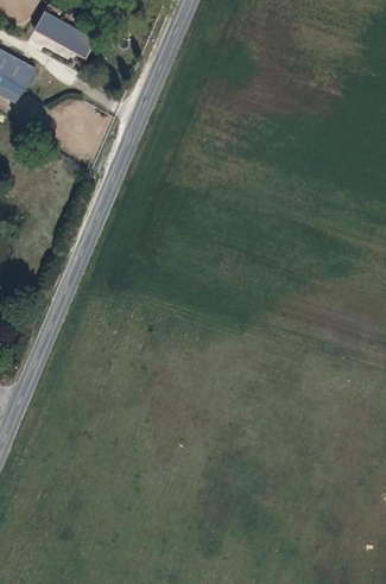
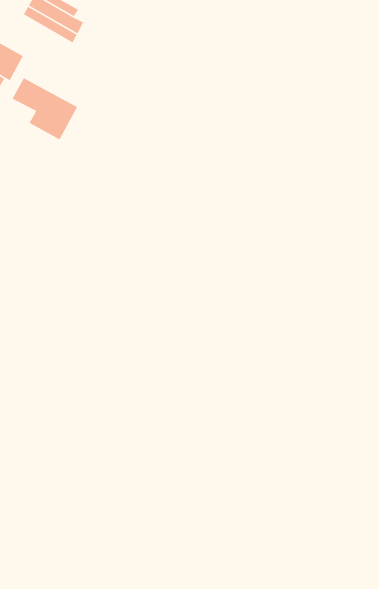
building: none -> [12,77,78,140]

